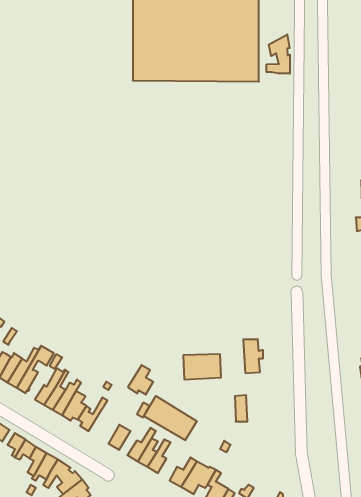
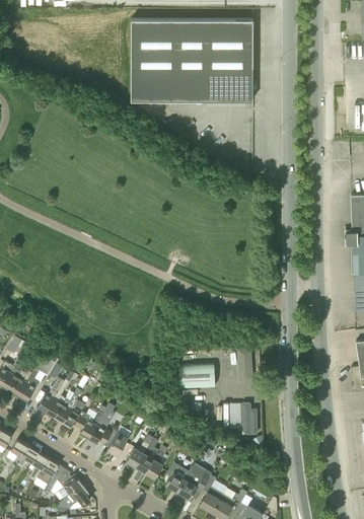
building: [266,34,290,74] -> none
building: [128,365,153,395] -> [88,417,113,445]
building: none -> [241,403,258,436]
building: [144,396,197,440] -> none

